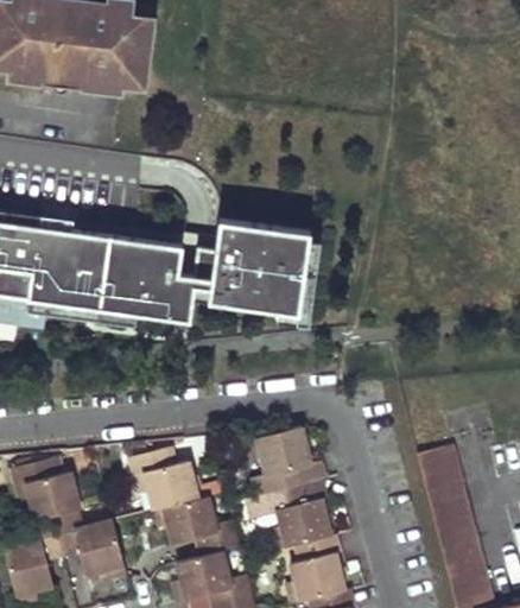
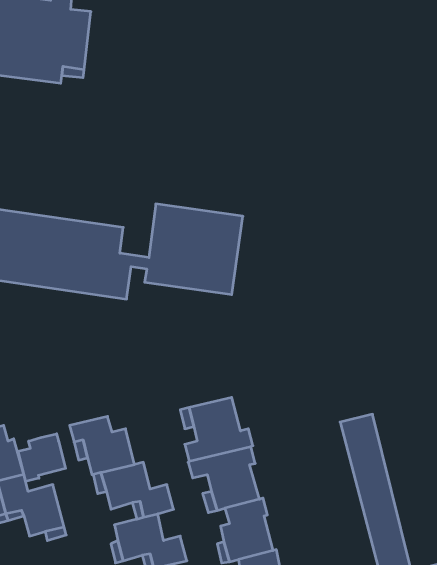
building: none -> [18,434,66,482]

